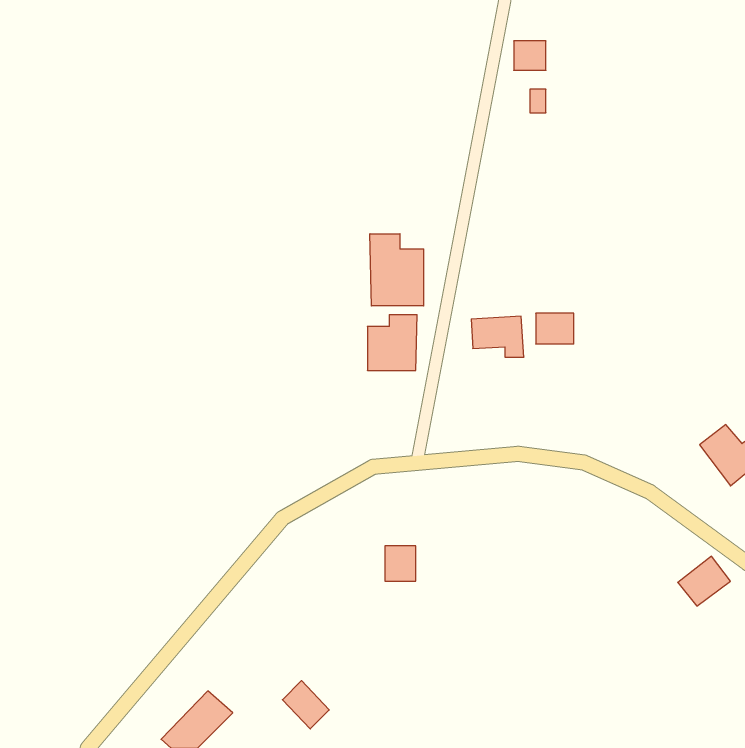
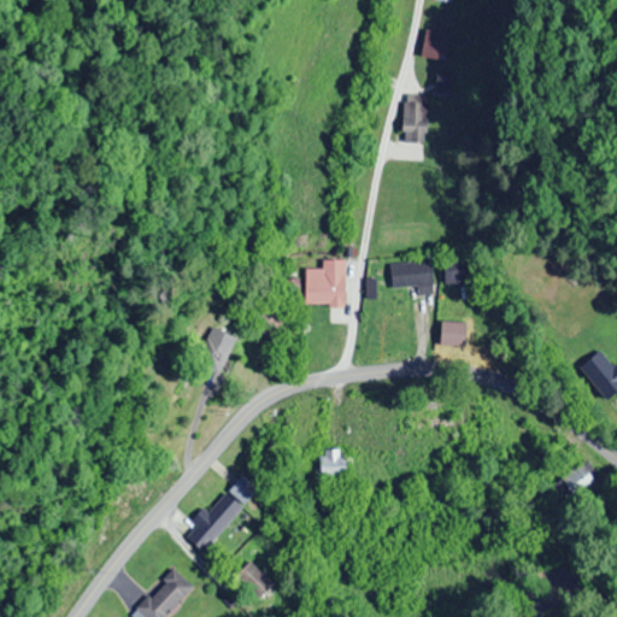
building: none -> [404,94,428,143]
building: [370,234,424,306] -> none
building: none -> [439,321,468,346]
building: none -> [195,328,236,375]
building: none -> [188,475,259,552]

